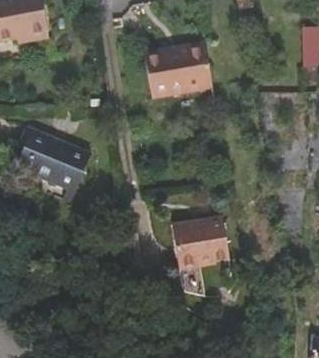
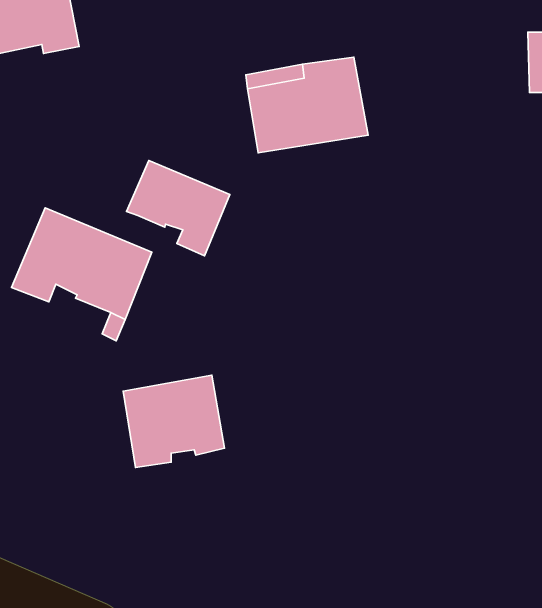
building: none -> [127,161,230,256]
building: [172,217,229,269] -> [123,375,224,468]

